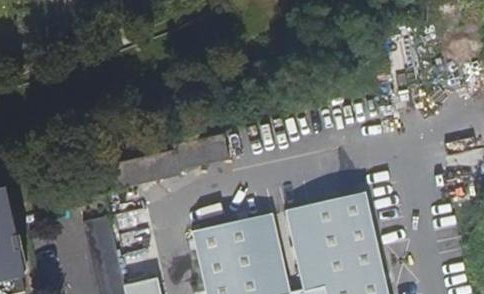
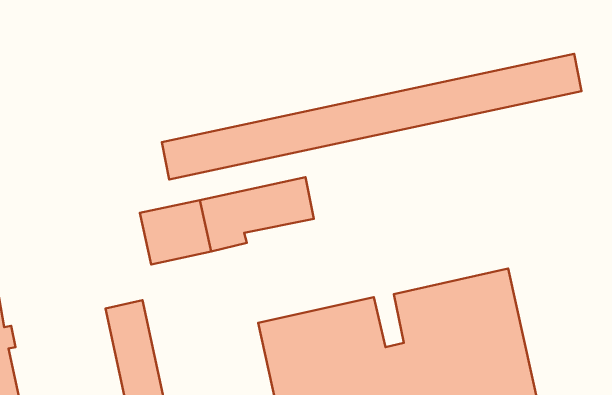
building: none -> [162,54,582,180]

